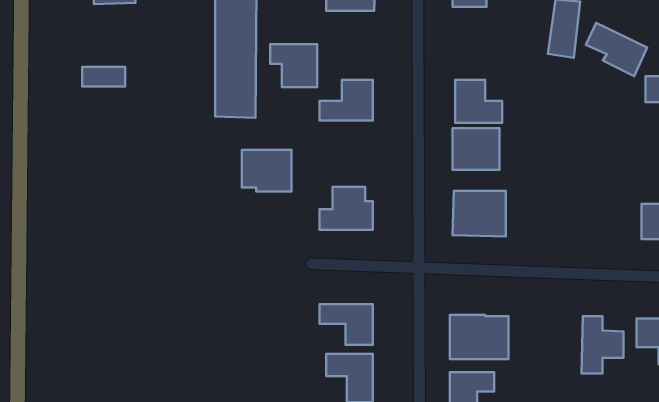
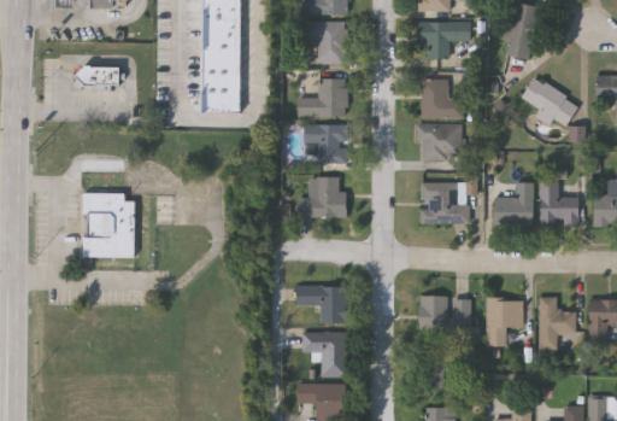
building: none -> [417,21,471,58]
building: [586,23,647,76] -> [523,78,580,128]
building: [270,44,317,87] -> [305,22,348,62]
building: [242,150,292,192] -> [302,124,348,163]
building: none -> [495,181,535,224]
building: none -> [542,182,581,226]
building: none -> [83,185,134,257]
building: none -> [486,298,524,346]

